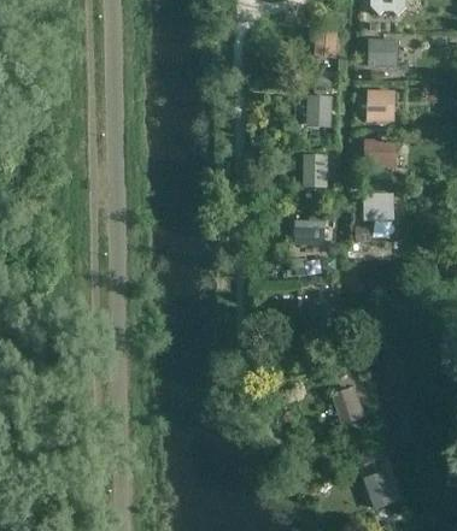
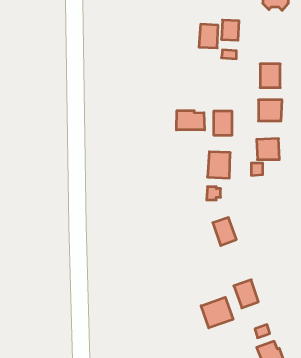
building: [368,39,399,67] -> none
building: [305,95,332,128] -> [199,24,218,48]
building: none -> [176,111,205,130]
building: none -> [201,297,233,328]

